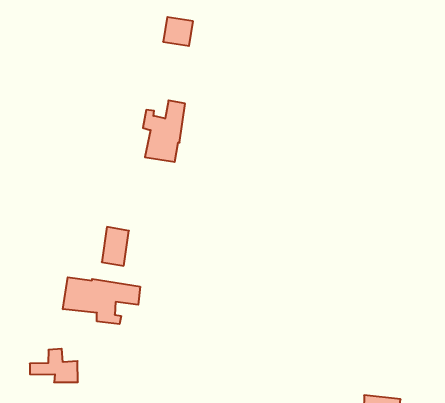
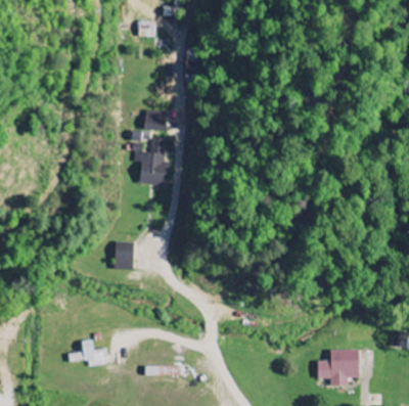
building: [163,17,193,46] -> [144,109,166,130]
building: [63,277,140,324] -> none

